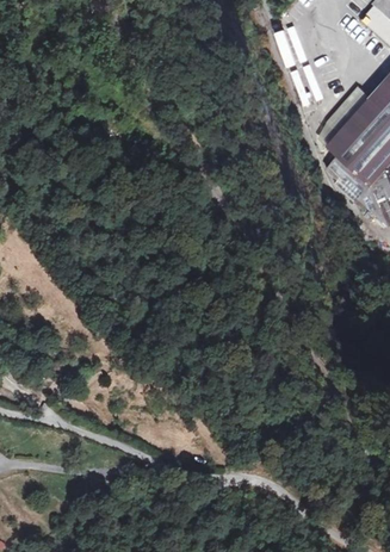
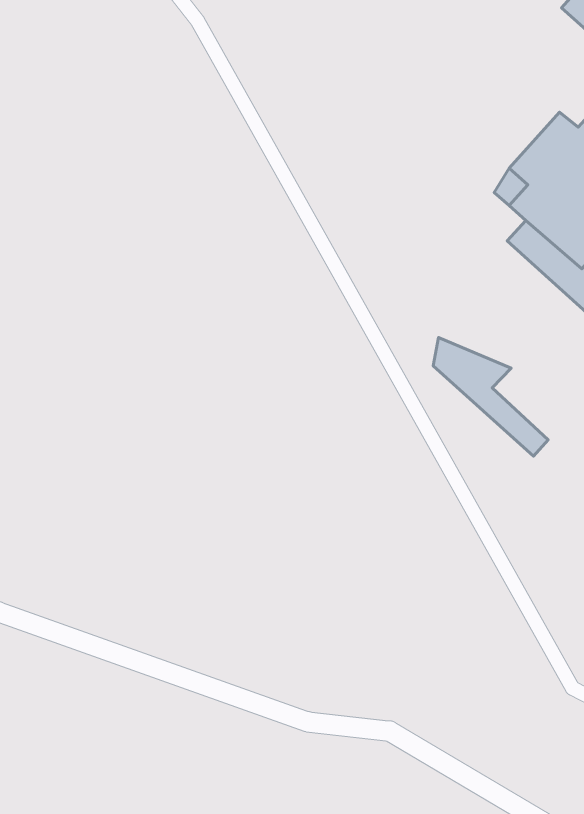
building: none -> [433,337,548,456]

